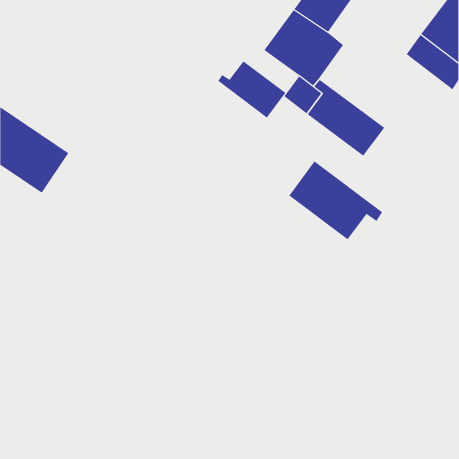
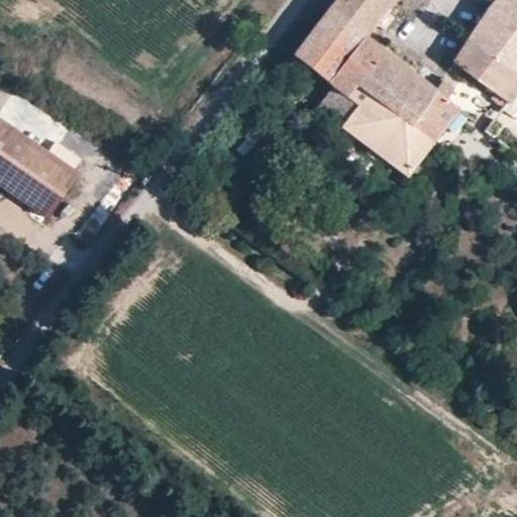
building: none -> [358,50,460,143]
building: [218,60,286,119] -> none
building: [288,161,383,240] -> none

